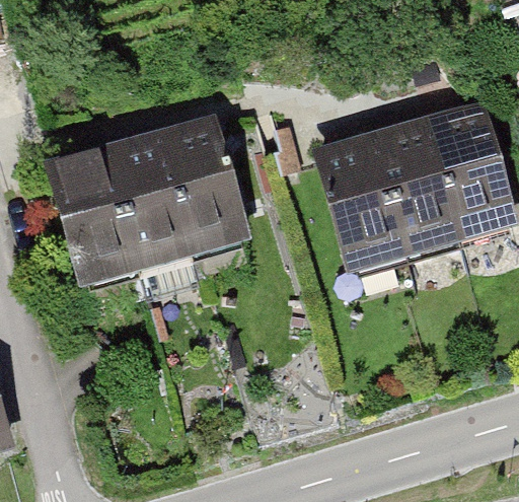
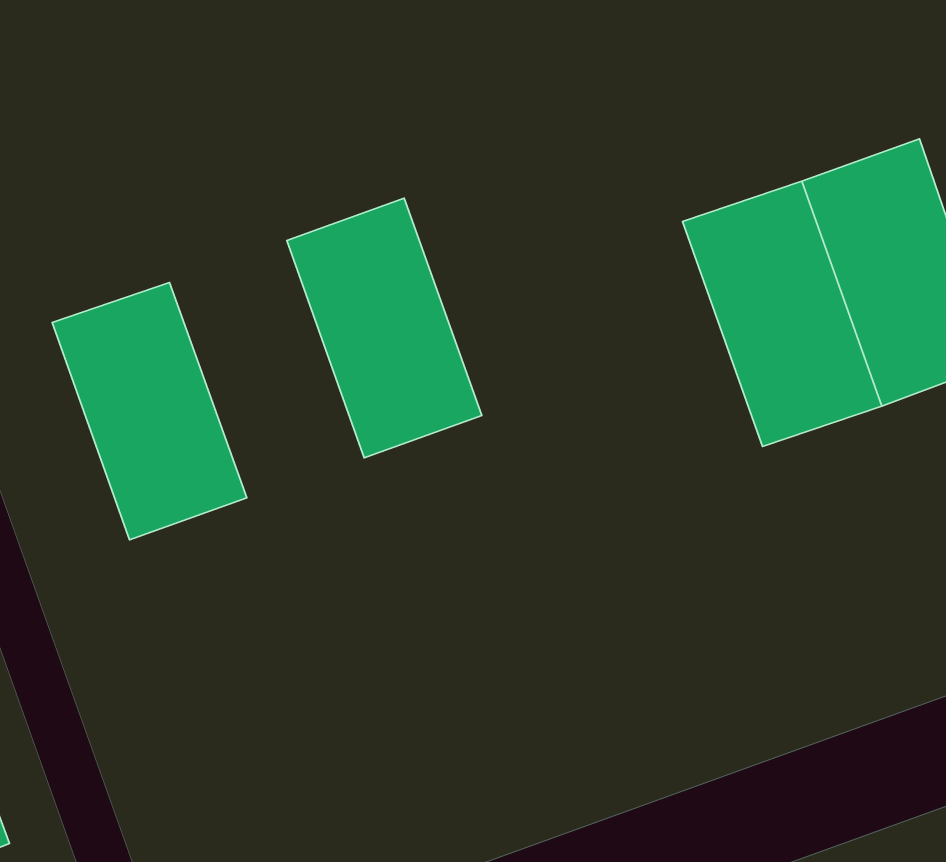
building: [105,134,201,266] -> none
building: [310,136,406,273] -> none

